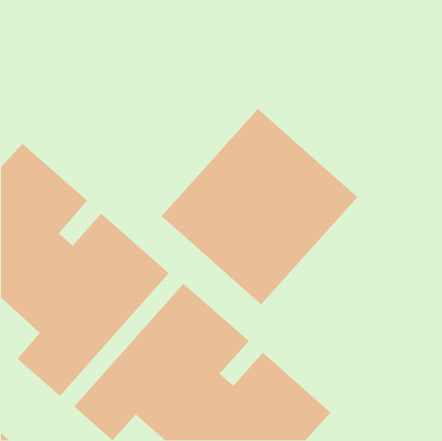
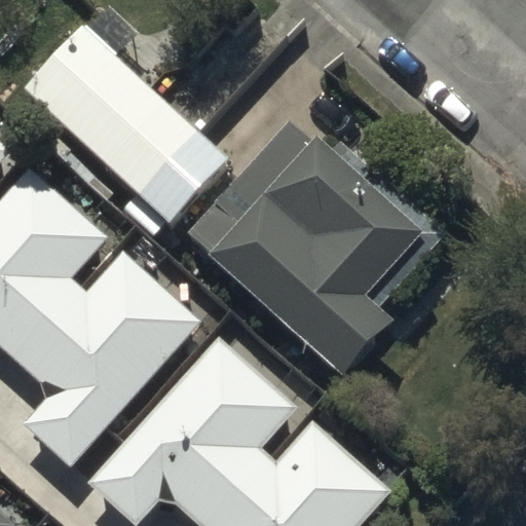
building: none -> [22,23,229,220]

